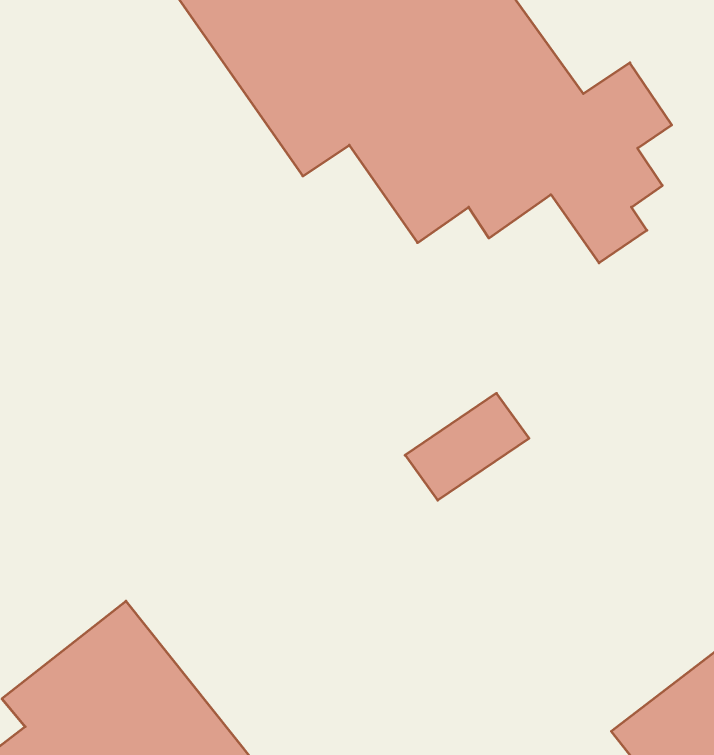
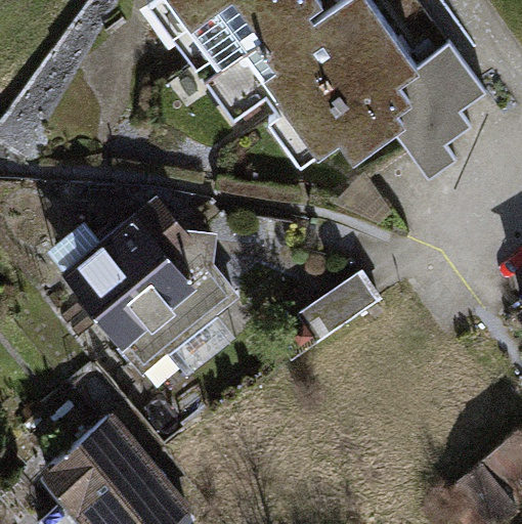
building: none -> [53,198,242,369]

